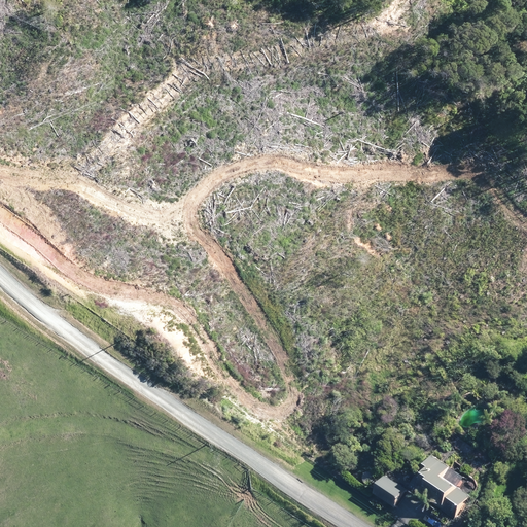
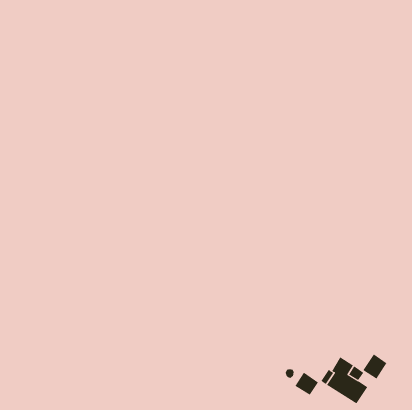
building: none -> [363,353,387,379]

